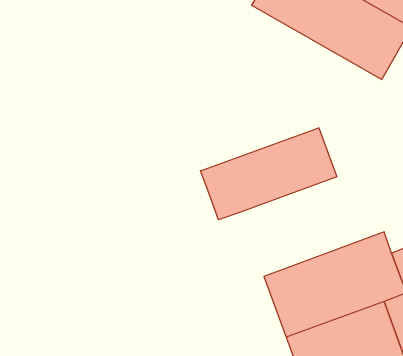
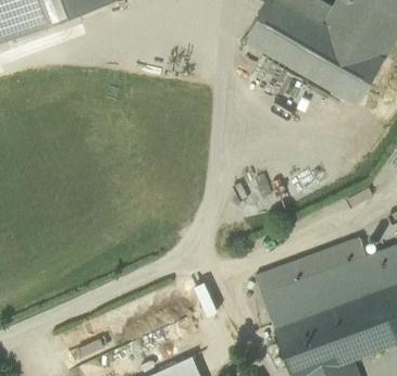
building: [200,128,337,220] -> none

